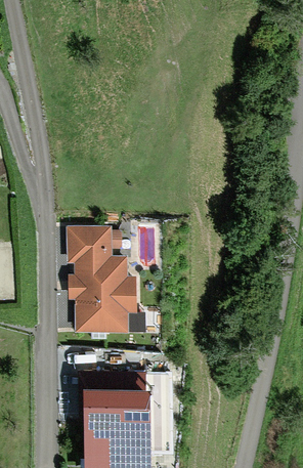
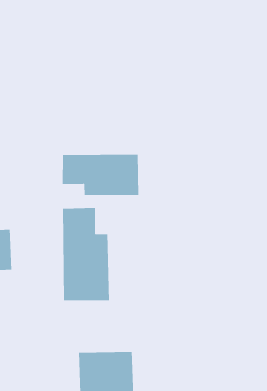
building: none -> [62,154,139,196]

